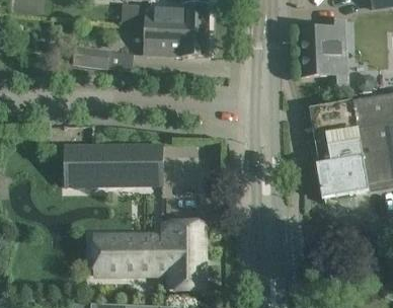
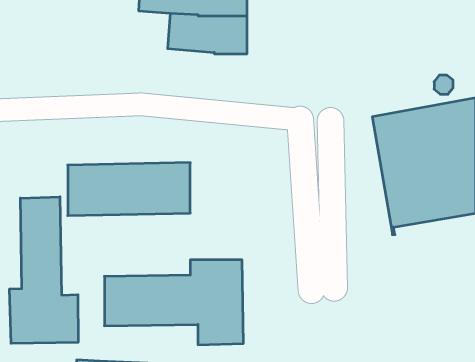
building: [298,19,347,84] -> none
building: [72,45,133,70] -> none
building: none -> [10,197,78,343]

